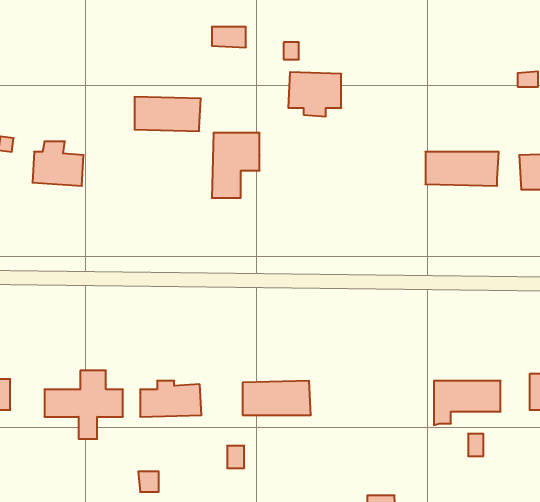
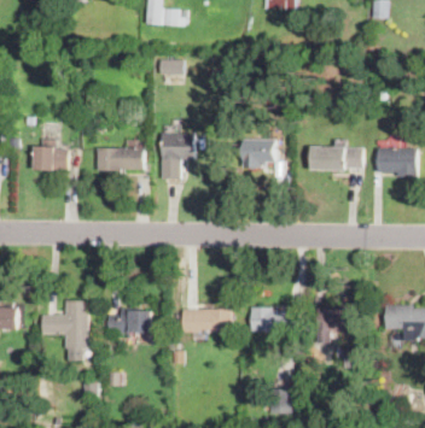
building: [288,72,341,117] -> [238,139,275,170]
building: [134,97,201,131] -> [97,147,144,171]
building: none -> [250,307,296,344]

